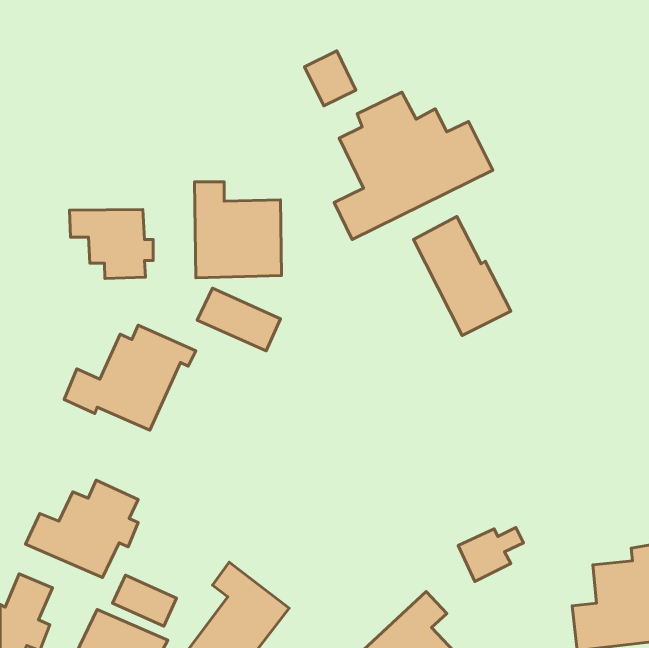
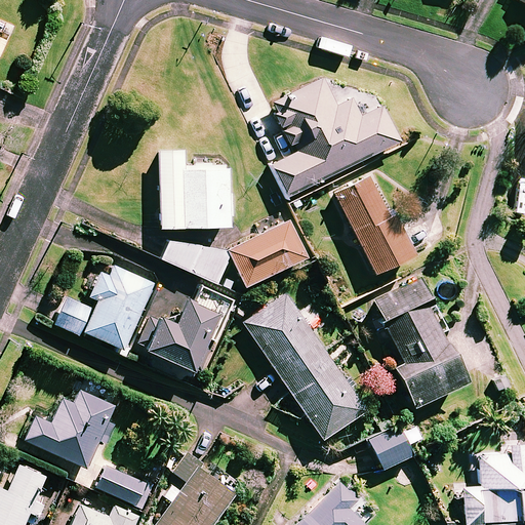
building: [305,51,356,106] -> none
building: [69,209,153,278] -> none
building: none -> [229,221,307,287]
building: none -> [372,277,466,405]
building: none -> [139,285,232,372]
building: none -> [244,295,365,439]

